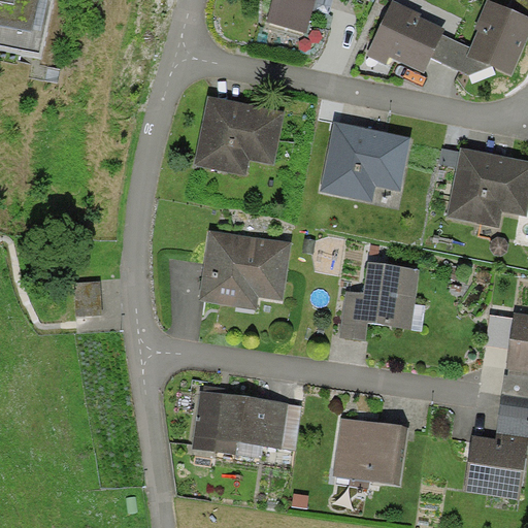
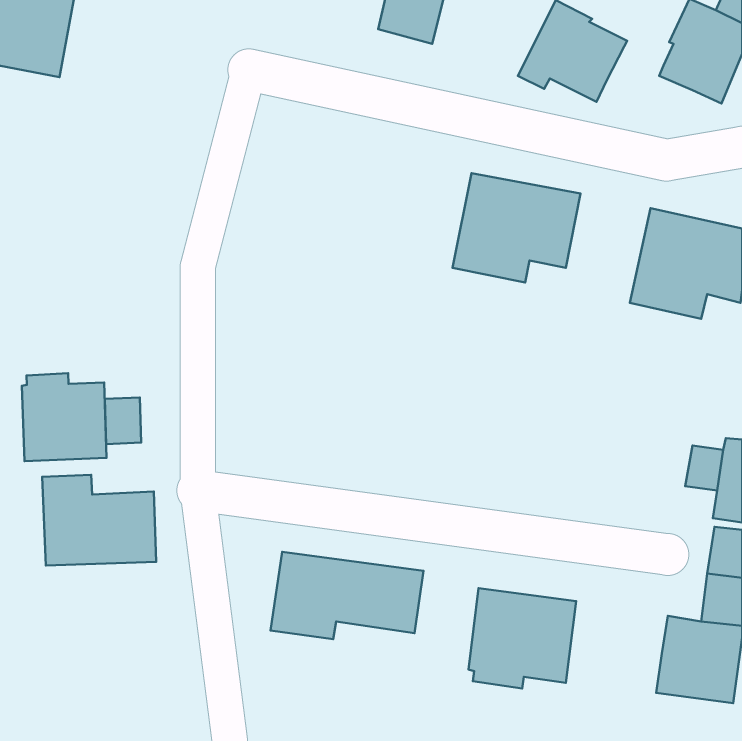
building: [430,33,491,73] -> none
building: [193,97,286,177] -> none
building: [198,232,290,308] -> none
building: [339,262,419,340] -> none
building: none -> [22,373,107,461]
building: none -> [42,475,156,565]

